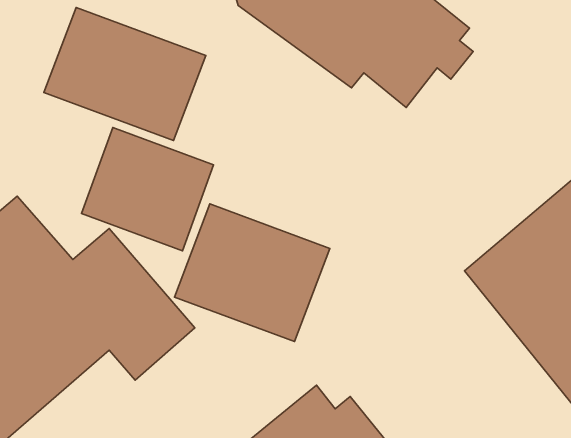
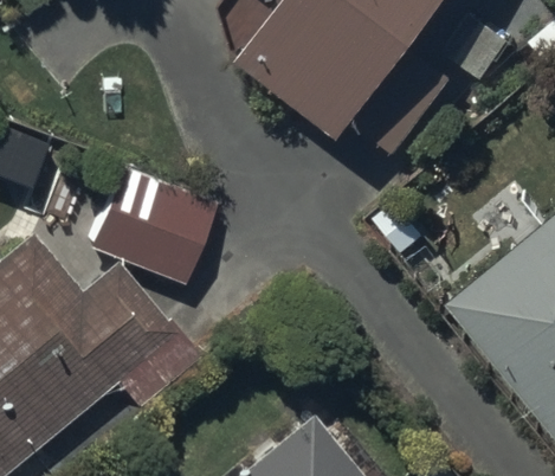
building: [44,8,206,140] -> none
building: [175,204,330,342] -> none

